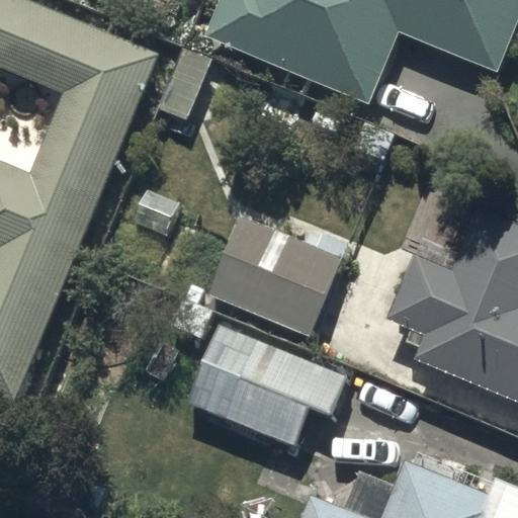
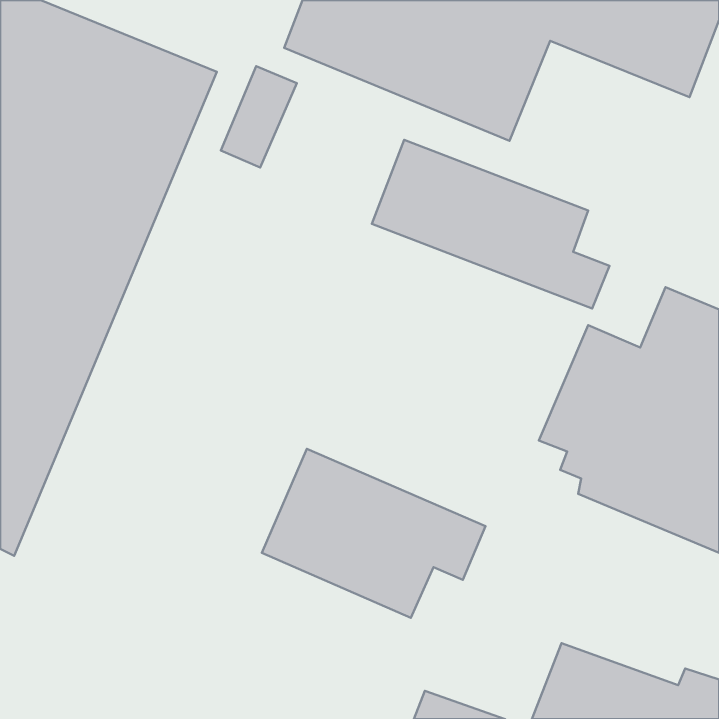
building: none -> [372,140,609,309]
building: [211,220,348,338] -> none

